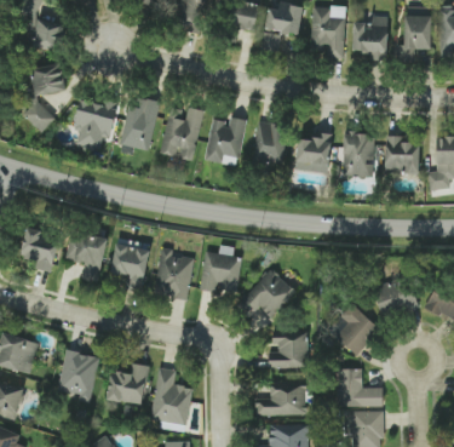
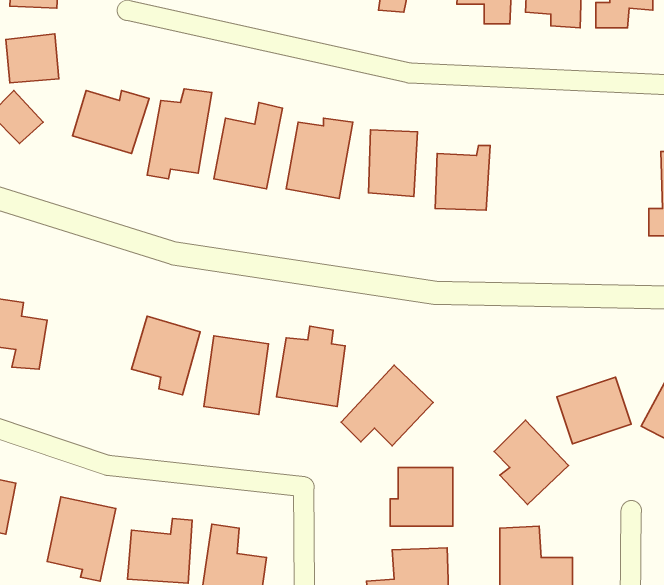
building: [343,133,374,176] -> none
building: [385,136,419,172] -> none
building: [64,230,108,281] -> none

